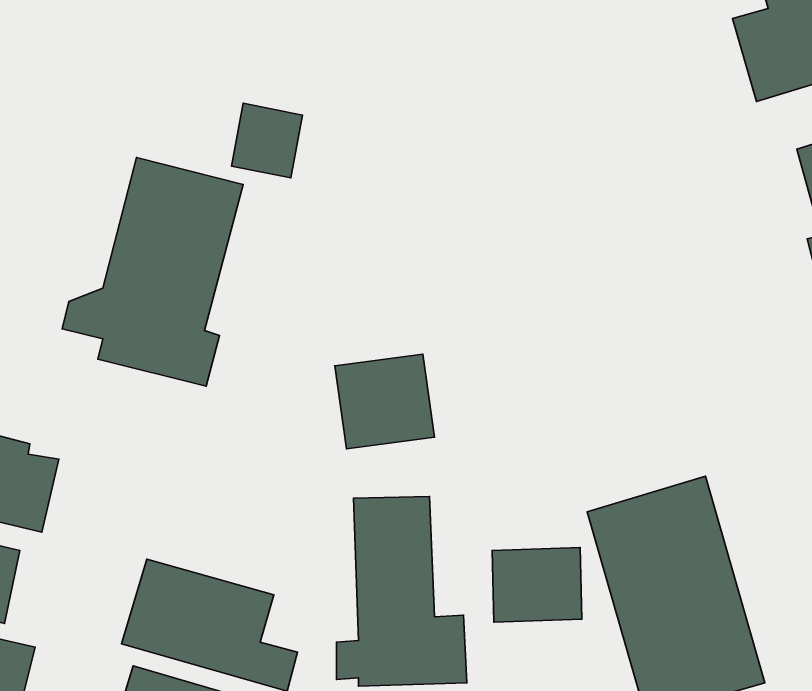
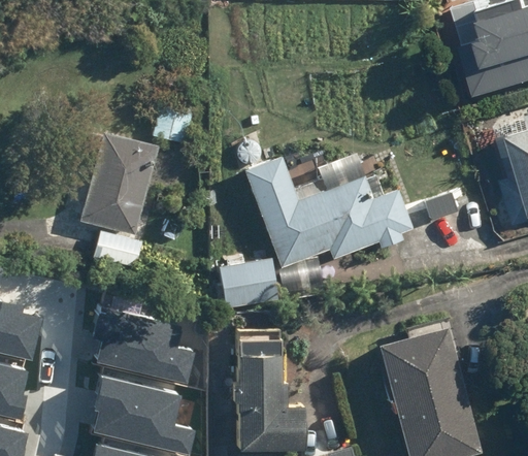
building: none -> [242,153,417,268]
building: none -> [91,301,200,382]
building: [492,548,582,622] -> none

